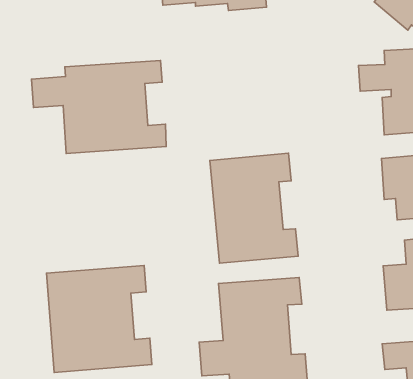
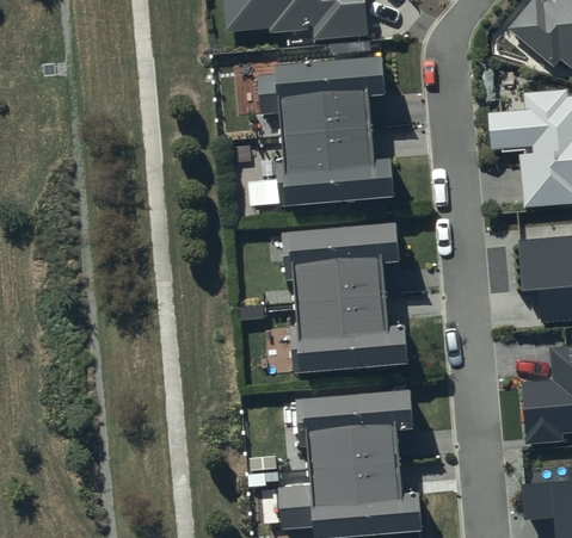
building: none -> [260,60,394,206]
building: [32,60,166,153] -> none
building: [47,265,152,372] -> none

